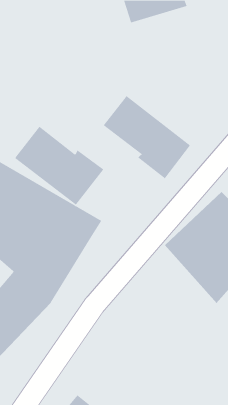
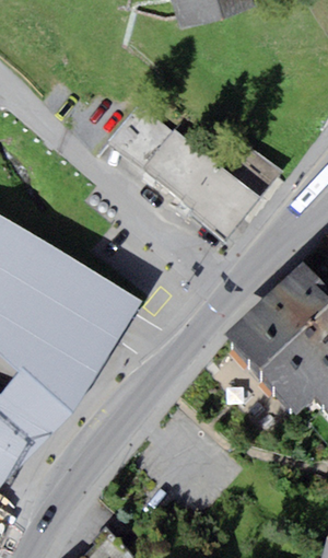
building: none -> [109,107,172,171]
building: [14,126,104,206] -> none

